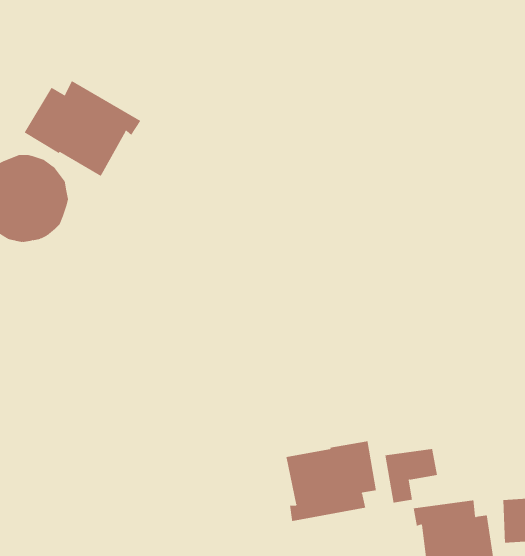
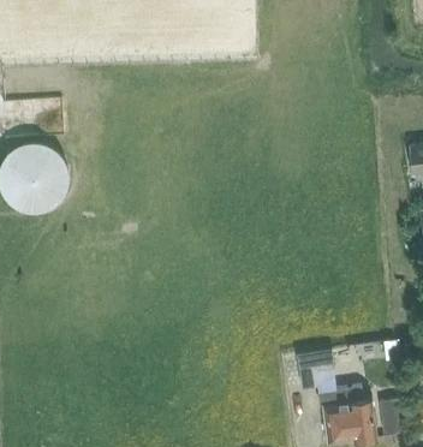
building: [24,80,141,177] -> none
building: [286,441,376,522] -> none

